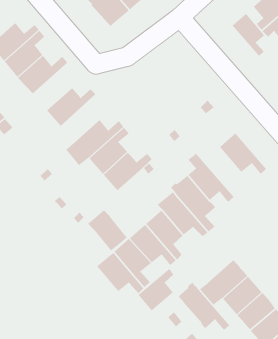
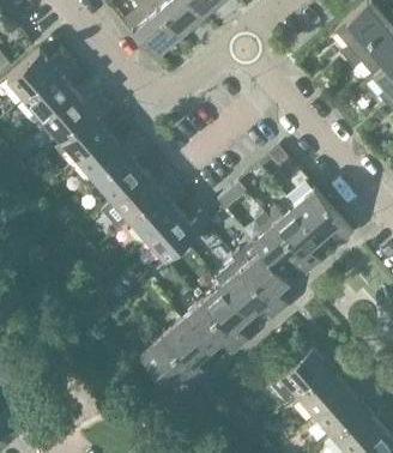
building: [232,13,265,57] -> none
building: none -> [60,102,111,162]
building: none -> [95,141,146,201]
building: none -> [265,207,320,270]
building: [87,209,128,252] -> none
building: [138,268,174,312] -> none
building: [178,282,230,331] -> none

